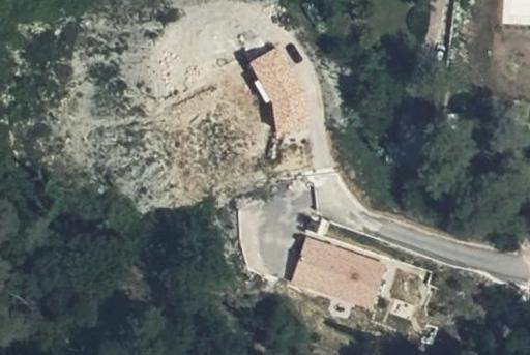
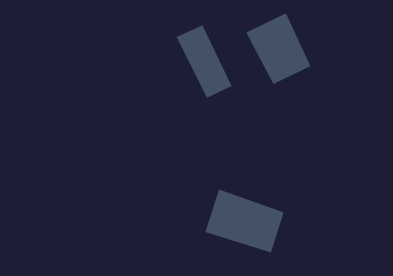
building: none -> [246,13,311,85]

